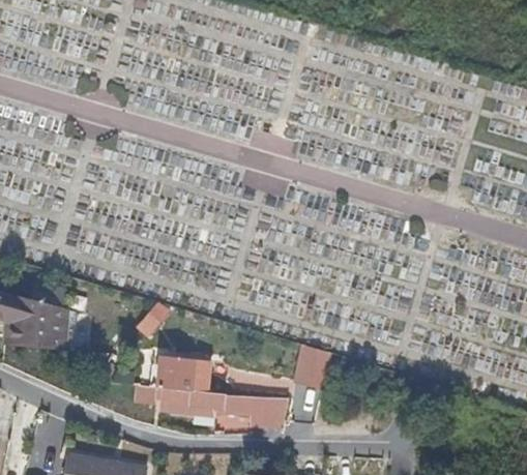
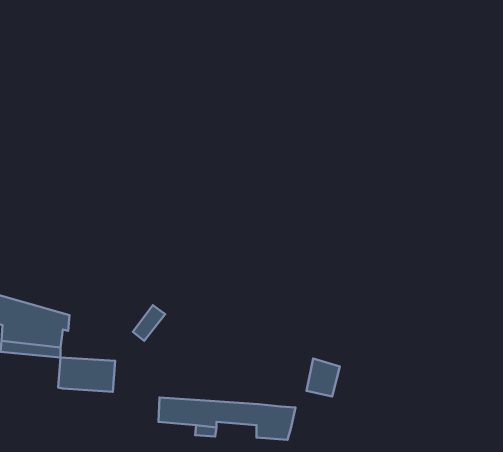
building: [156,359,209,391] -> [58,357,115,392]

